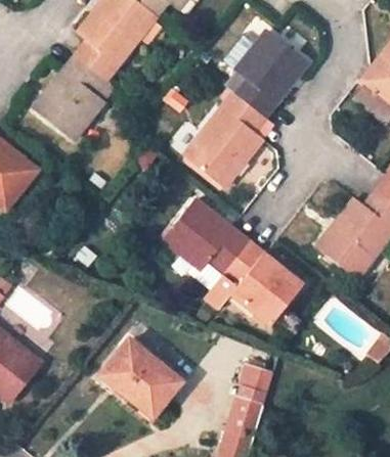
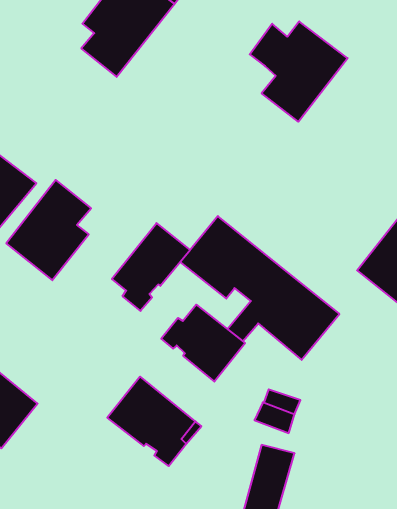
building: [34,54,107,141] -> [6,180,91,280]
building: [184,93,265,187] -> none
building: none -> [112,223,190,311]
building: none -> [161,305,245,382]

